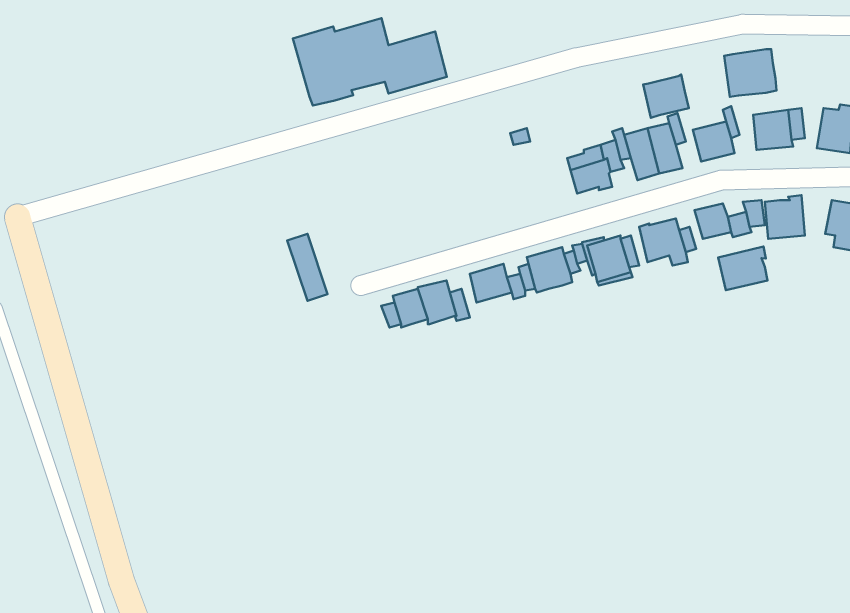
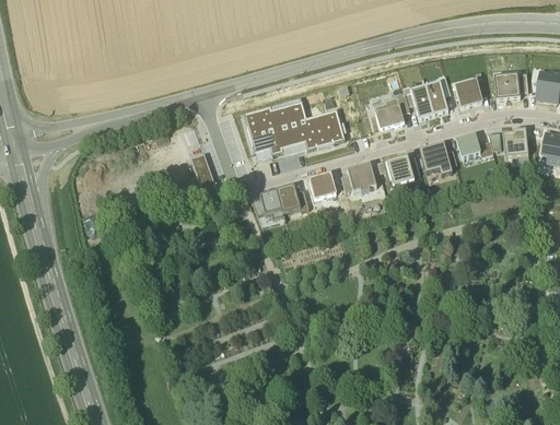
building: [293,18,447,105] -> [244,101,345,157]
building: [724,49,777,97] -> none
building: [643,75,689,118] -> none
building: [718,246,767,290] -> none

